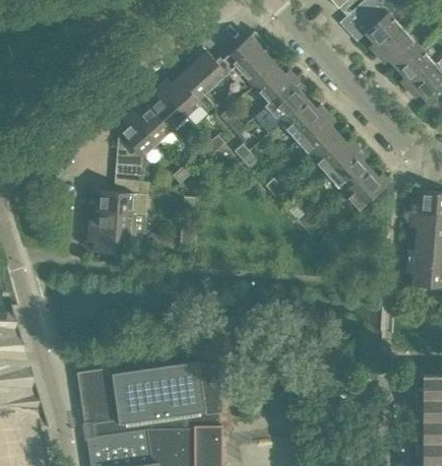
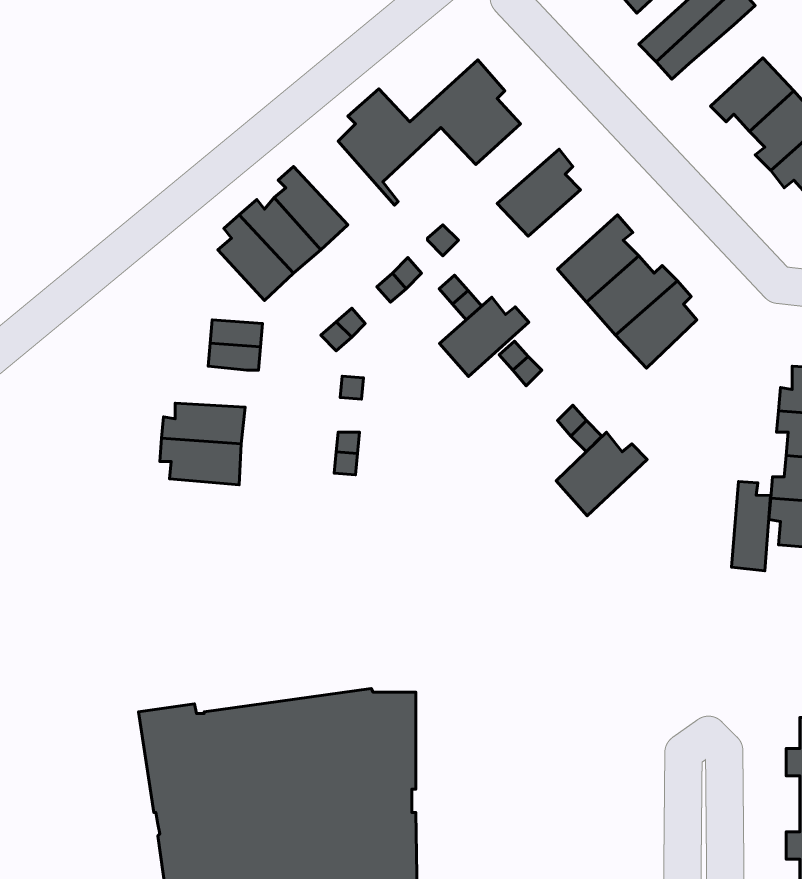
building: [366,14,404,57] -> none
building: [254,66,298,108] -> none
building: [159,75,211,119] -> none
building: [281,101,328,142] -> [440,297,529,377]
building: [116,132,143,171] -> none
building: [343,169,391,212] -> [556,432,647,516]
building: [91,191,134,214] -> none
building: none -> [731,481,771,571]

